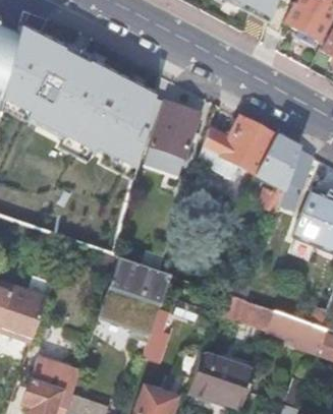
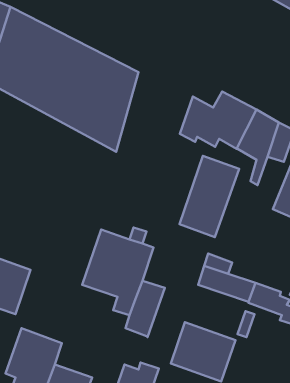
building: [145,97,205,179] -> [180,156,239,237]

